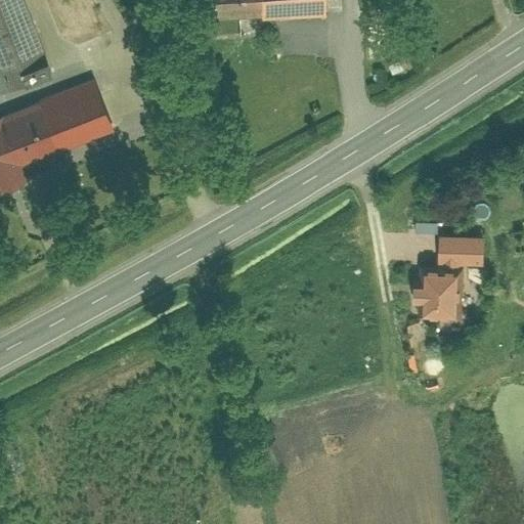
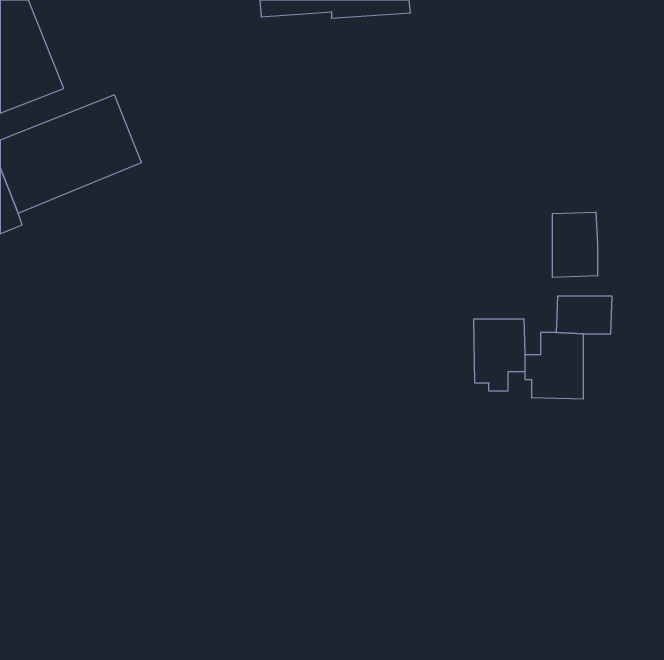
building: none -> [553,212,597,277]
building: none -> [474,319,525,391]

